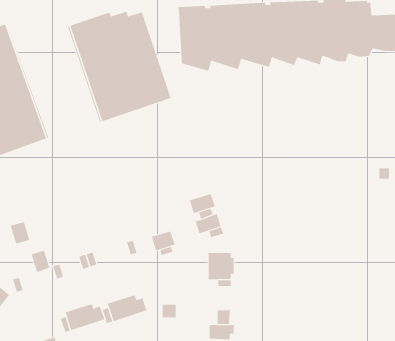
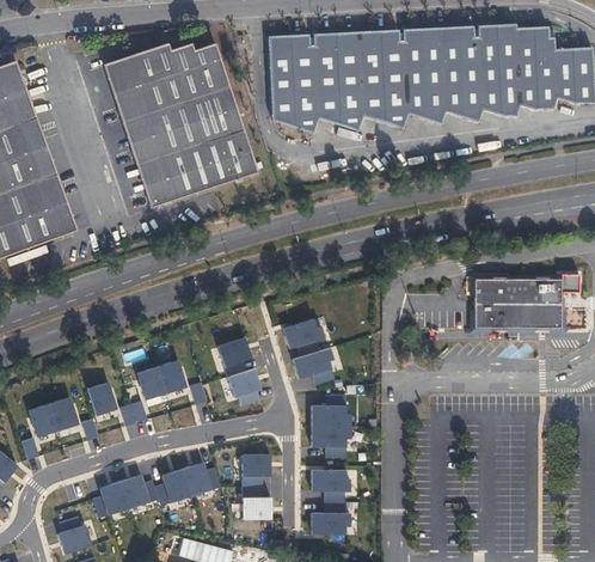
building: none -> [472,279,559,329]
building: none -> [217,337,253,367]
building: [10,222,30,244] -> [27,403,57,436]
building: none -> [136,360,185,401]
building: none -> [86,383,115,414]
building: none -> [243,454,270,477]
building: none -> [312,464,350,485]
building: none -> [243,497,271,520]

